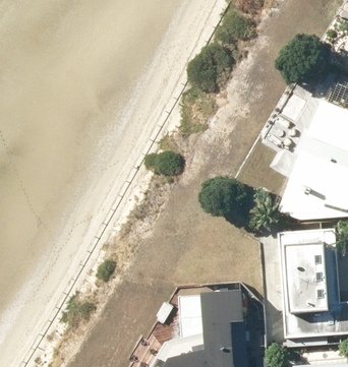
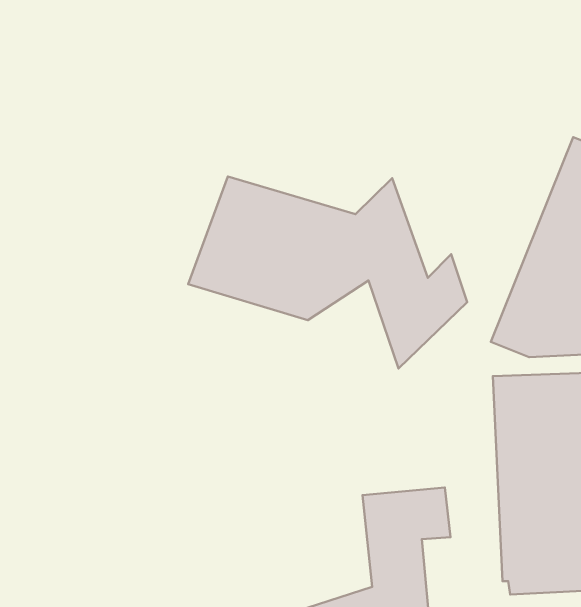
building: none -> [188,176,467,369]

